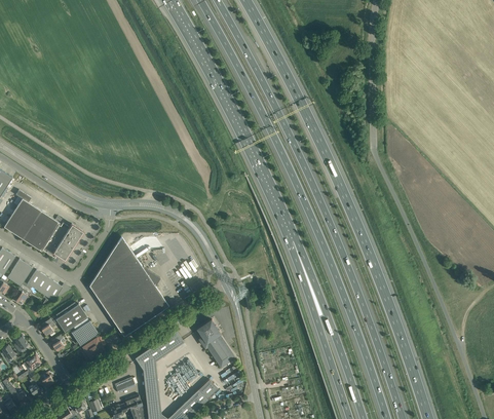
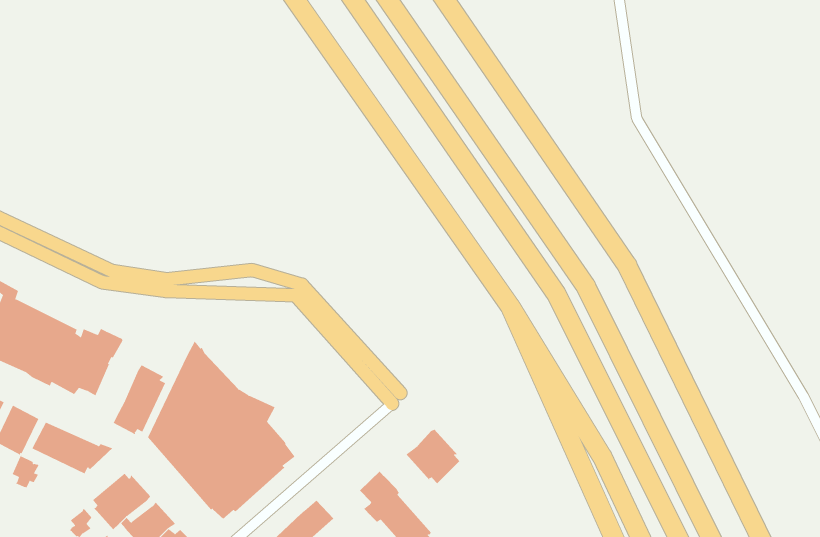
building: none -> [113,365,166,435]
building: none -> [406,429,460,484]

